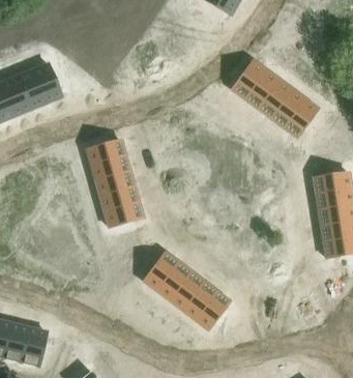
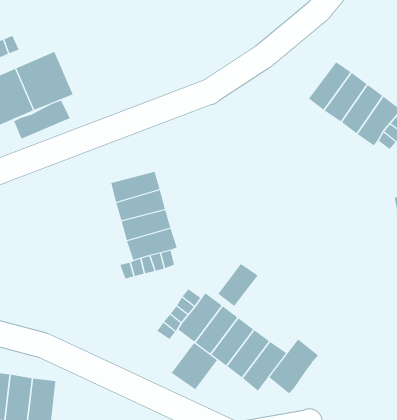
building: [233,61,268,100] -> none
building: none -> [13,100,70,139]
building: [87,141,126,167] -> none
building: none -> [217,263,258,307]
building: none -> [268,338,319,394]
building: none -> [171,342,218,390]

